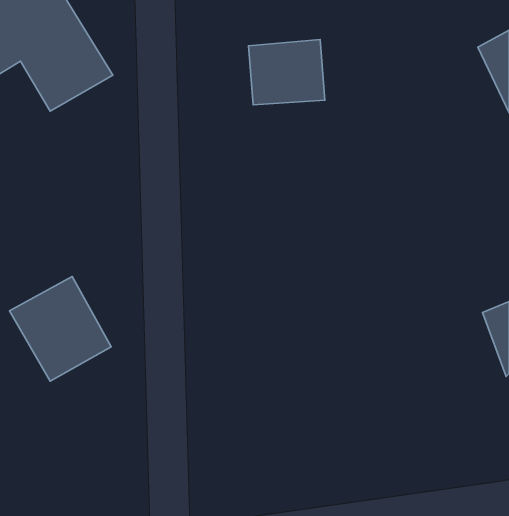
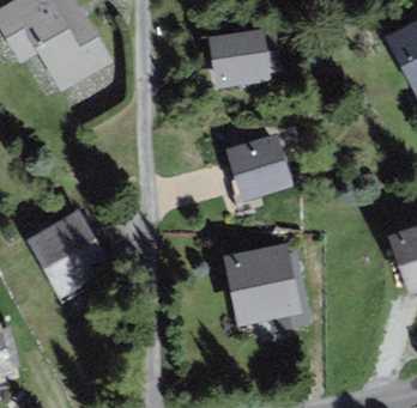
building: none -> [230,138,290,197]
building: none -> [228,248,302,321]

